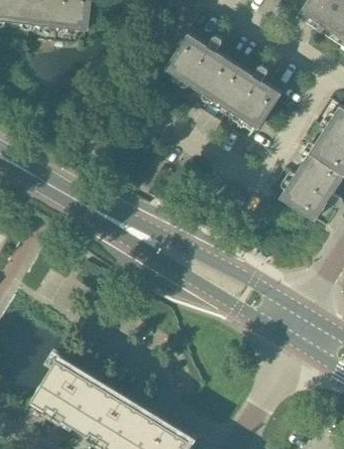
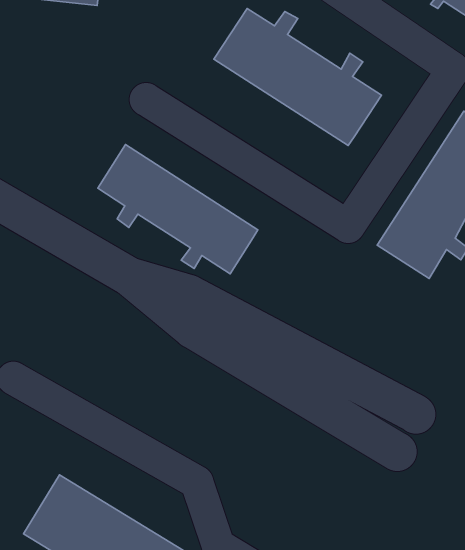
building: none -> [98,145,258,274]

